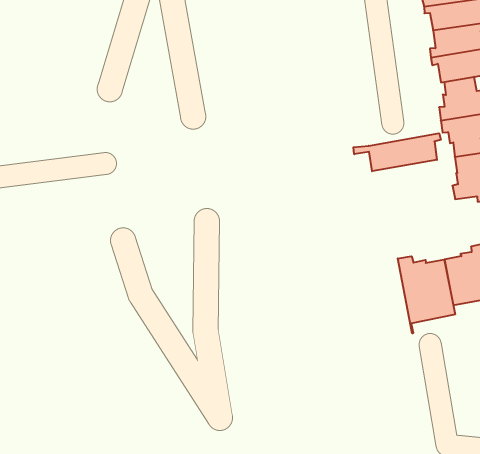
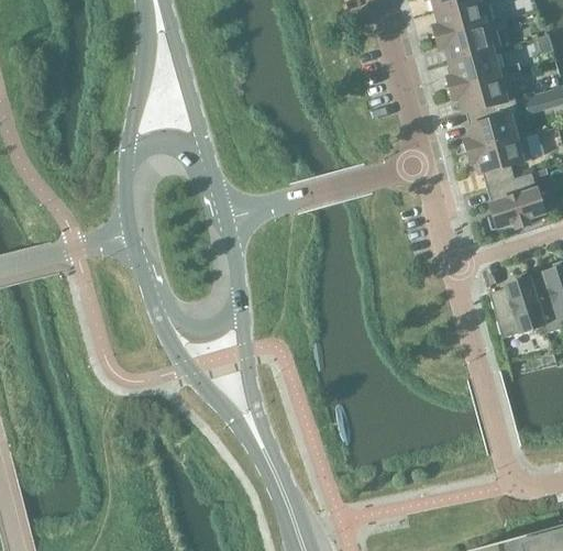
building: [353,133,441,171] -> none
building: [398,256,455,333] -> none

